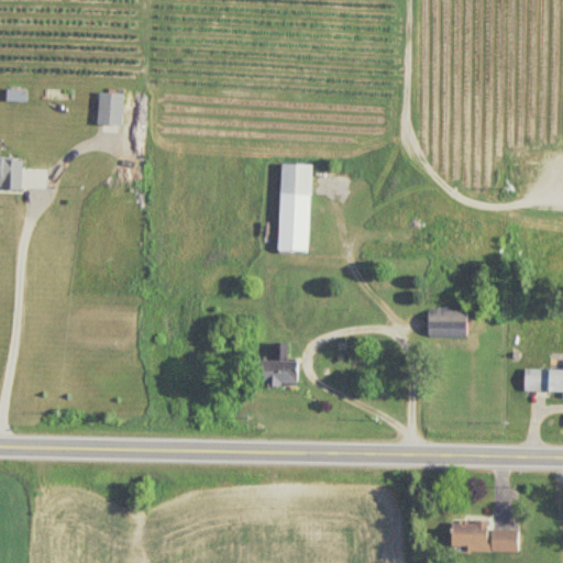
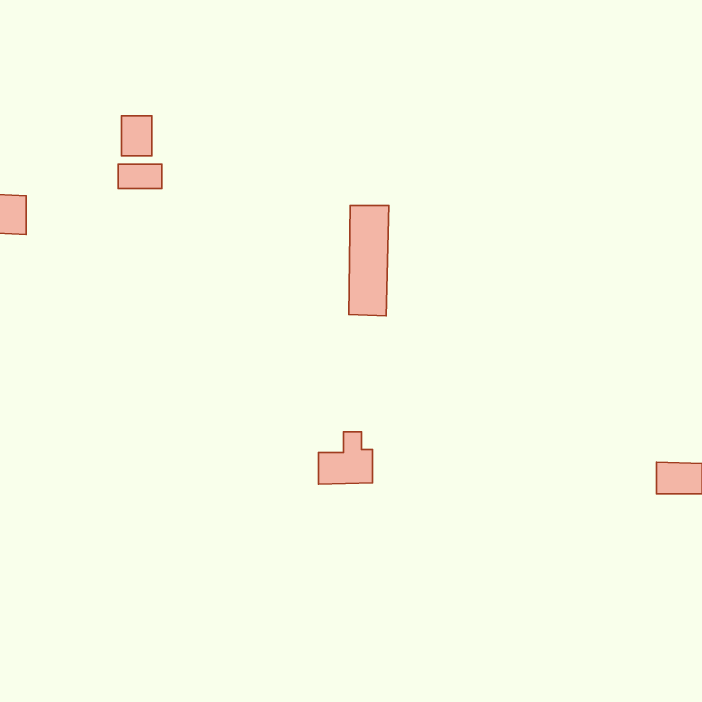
building: none -> [118,164,162,188]
building: [428,311,465,335] -> none
building: [450,520,518,551] -> none

